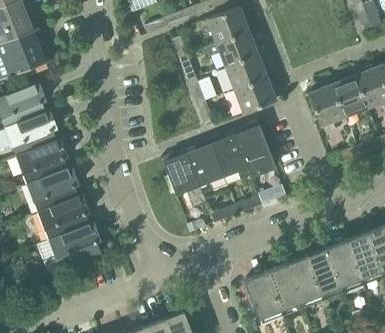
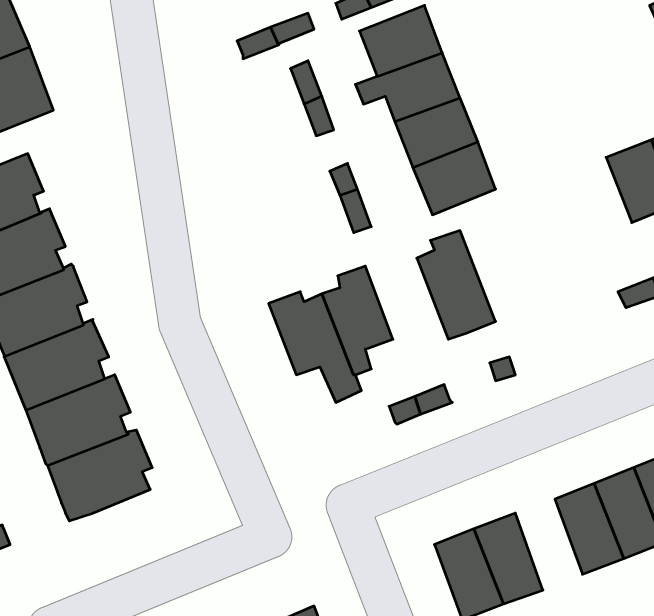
building: [307,85,344,128] -> none
building: [209,134,251,181] -> none
building: [285,258,319,304] -> none

